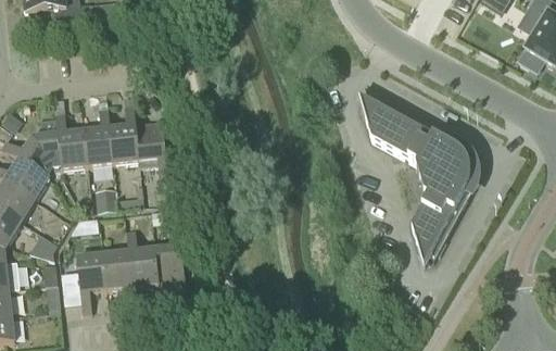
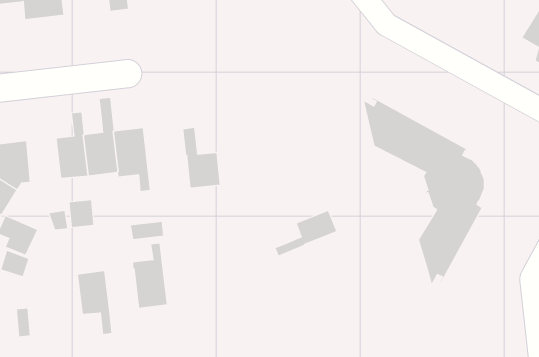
building: [53,112,87,170] -> none
building: none -> [183,127,220,188]
building: none -> [275,210,337,256]
building: [124,229,157,286] -> none
building: [61,253,106,312] -> none

